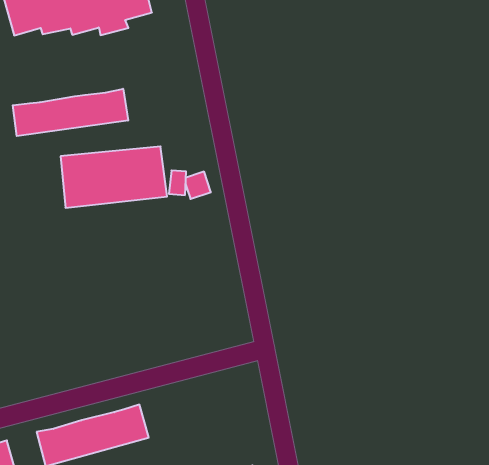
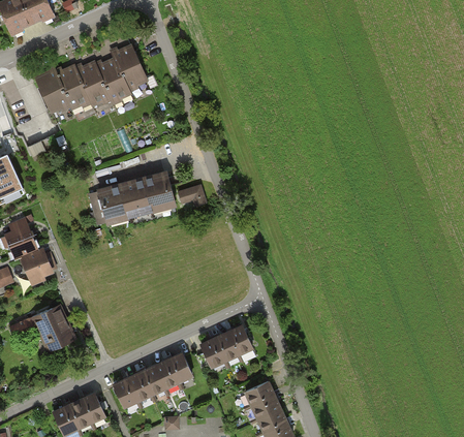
building: [13,89,128,136] -> none
building: none -> [197,325,252,371]

